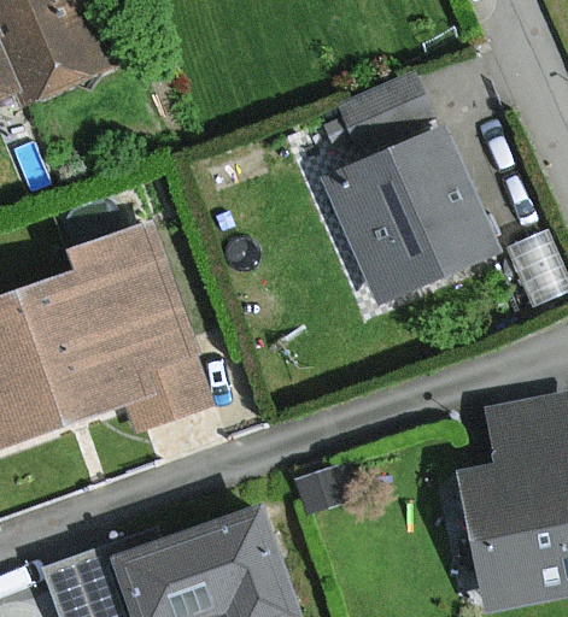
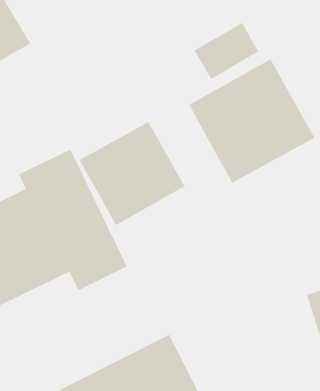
building: none -> [79,121,185,226]

